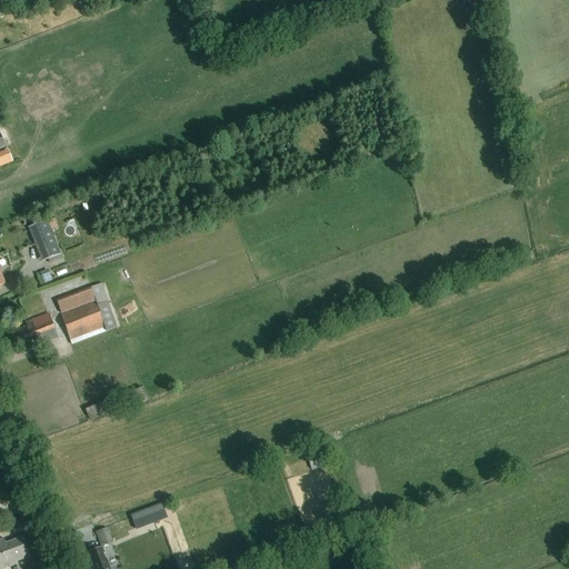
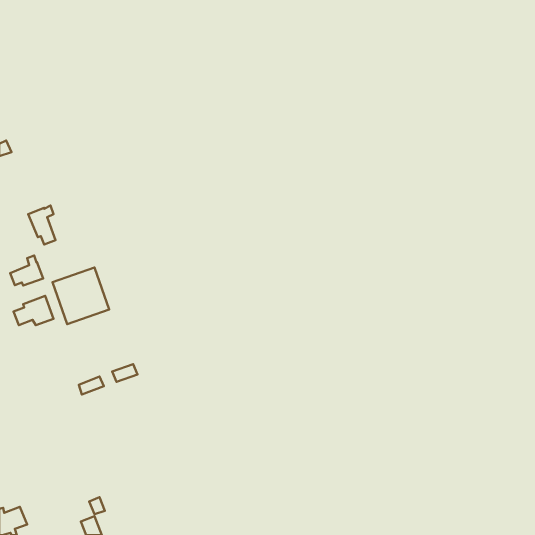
building: none -> [10,255,43,286]
building: [128,501,166,529] -> none

